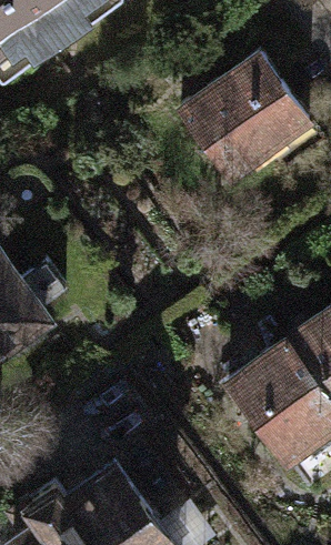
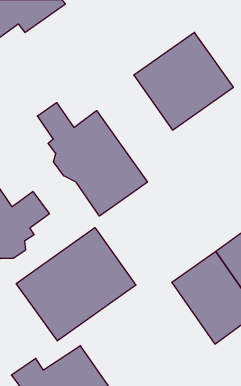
building: none -> [37,103,147,216]
building: none -> [16,228,136,341]

